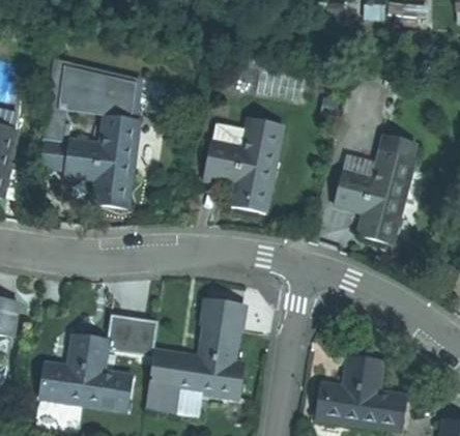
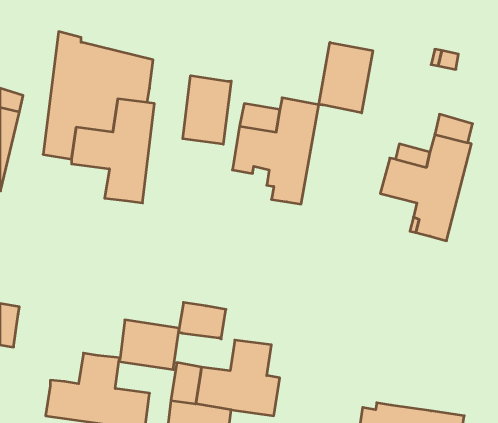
building: none -> [319,42,373,113]
building: none -> [183,76,231,144]
building: [203,303,245,336] -> [179,302,226,339]
building: [343,354,382,393] -> none

